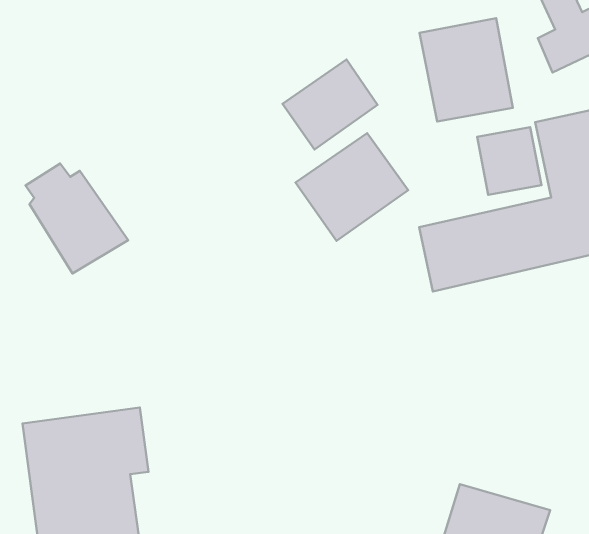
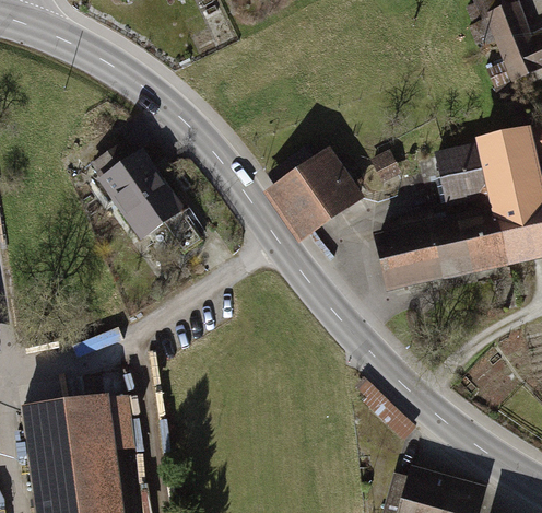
building: [419,18,513,122] -> none
building: [283,59,377,150] -> none
building: [26,163,128,273] -> [87,136,178,233]

